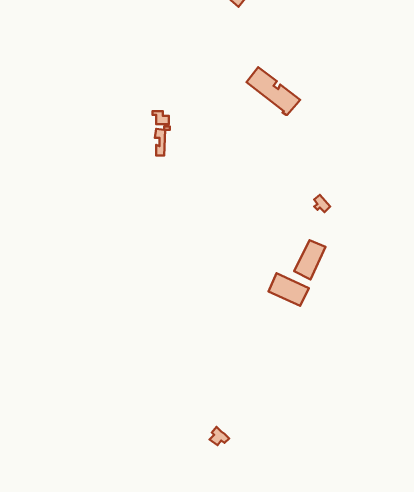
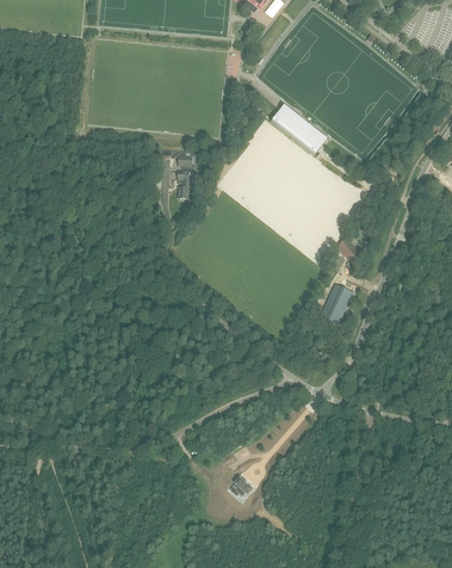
building: [268,273,309,306] -> none

